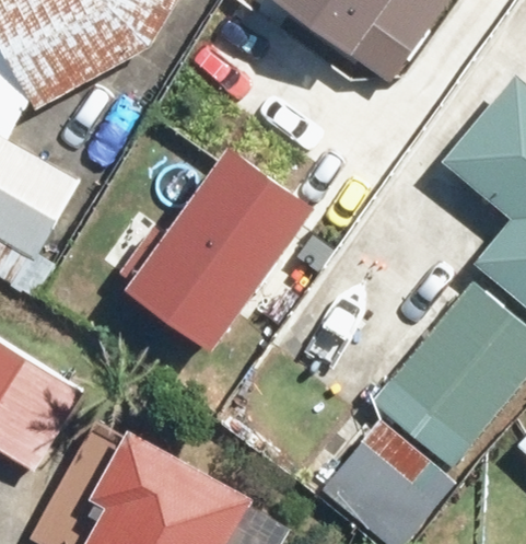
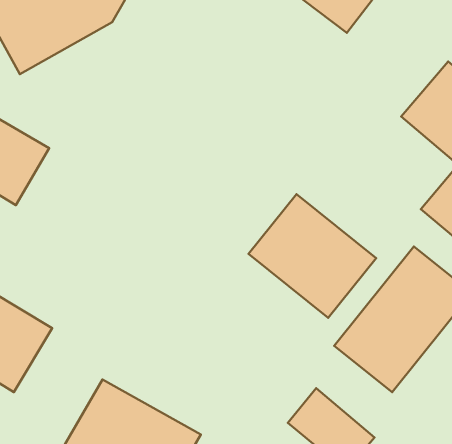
building: [138,139,319,342] -> none
building: none -> [248,194,376,318]

